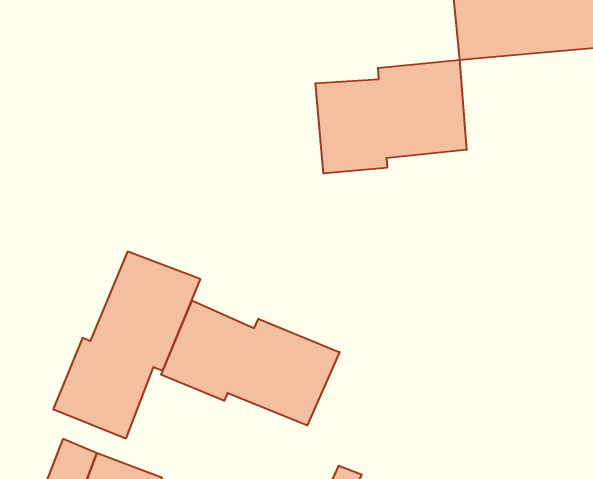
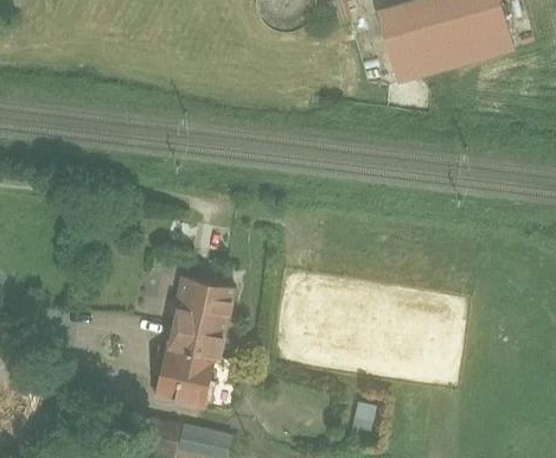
building: [315,60,467,174] -> none
building: [161,300,340,425] -> none

